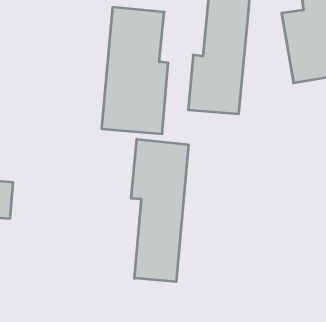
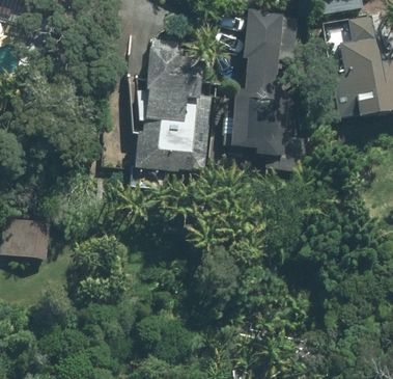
building: [131,139,188,282] -> none

